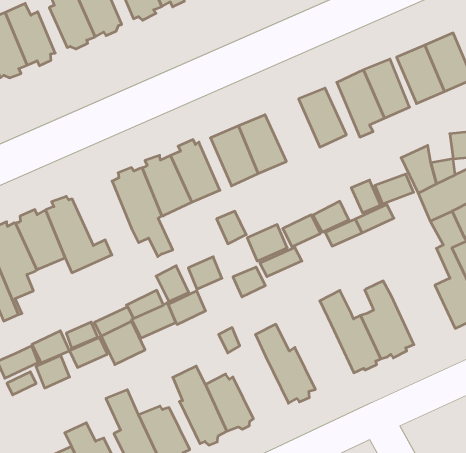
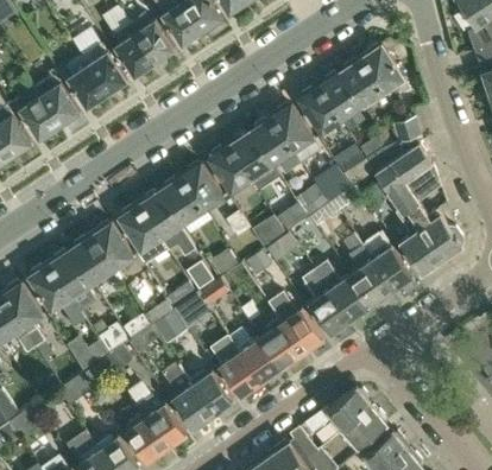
building: none -> [252,116,302,173]
building: none -> [119,204,168,261]
building: none -> [361,231,414,291]
building: none -> [301,269,351,334]
building: none -> [264,319,304,366]

